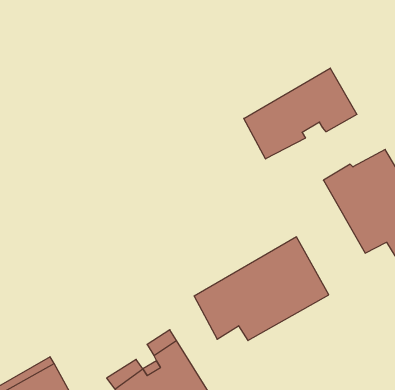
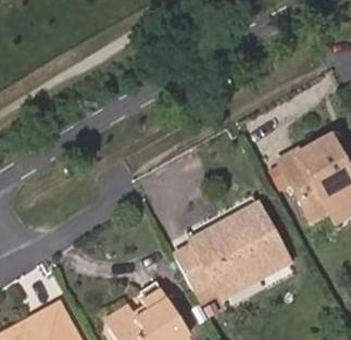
building: [244,68,357,159] -> none

